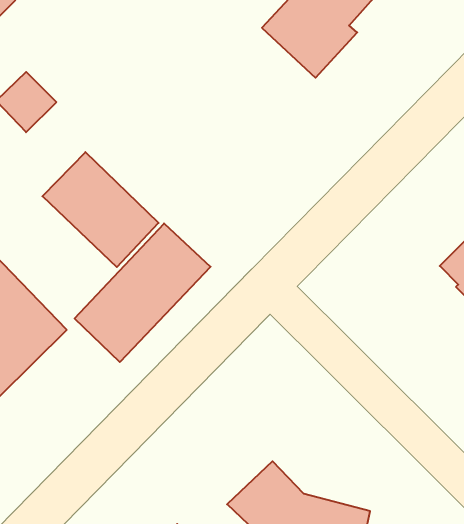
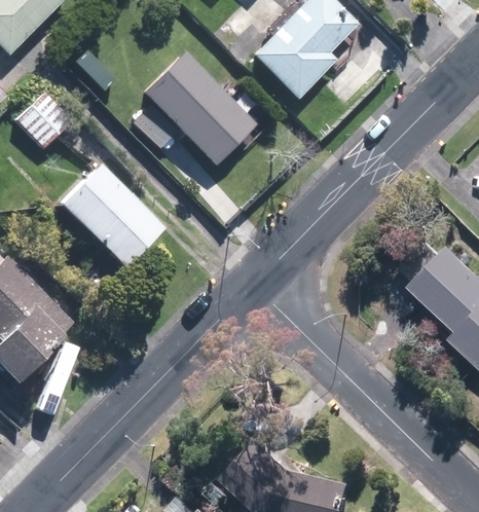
building: none -> [140,53,252,166]
building: [75,223,211,362] -> none

